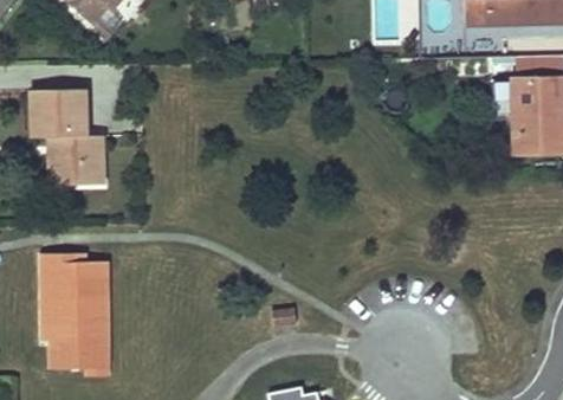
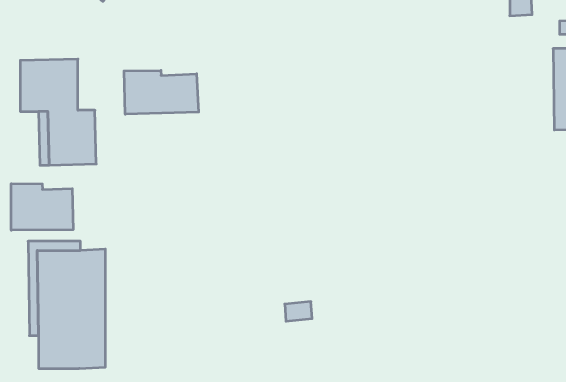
building: none -> [124,70,199,114]
building: none -> [11,184,73,230]

